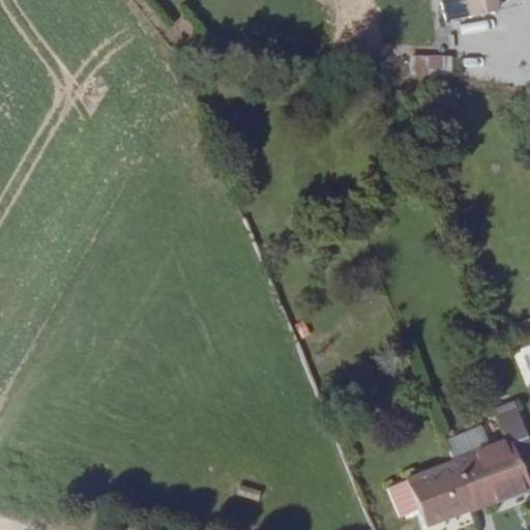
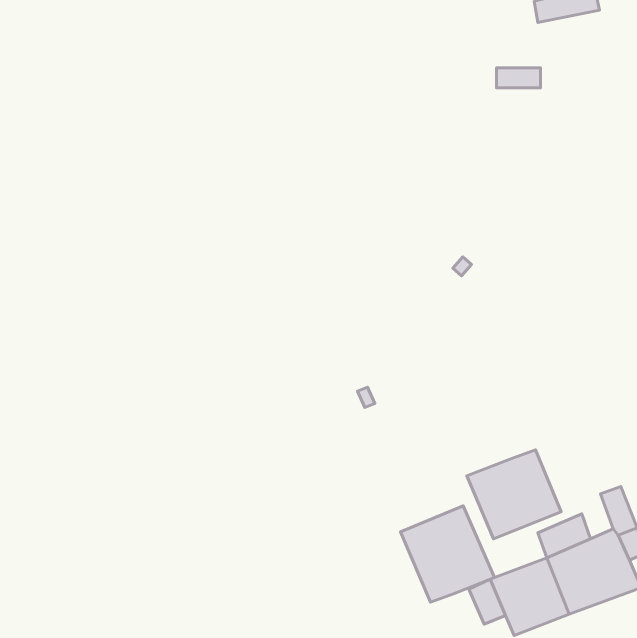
building: none -> [467,450,561,539]
building: none -> [401,506,494,602]

